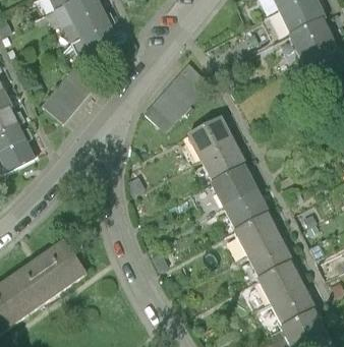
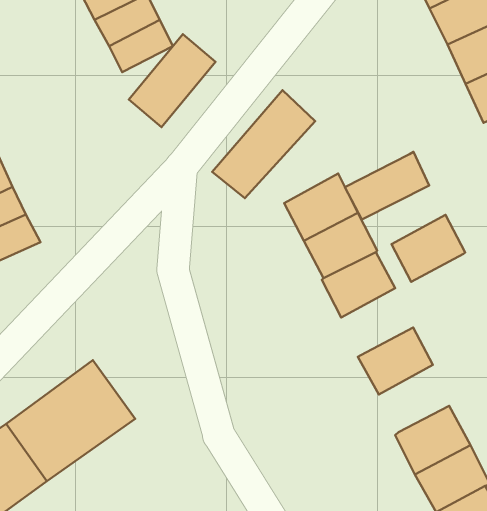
building: [41,66,95,124] -> [129,34,216,127]
building: none -> [345,152,429,219]
building: [223,186,269,228] -> [391,215,465,282]
building: [246,234,292,276] -> none

